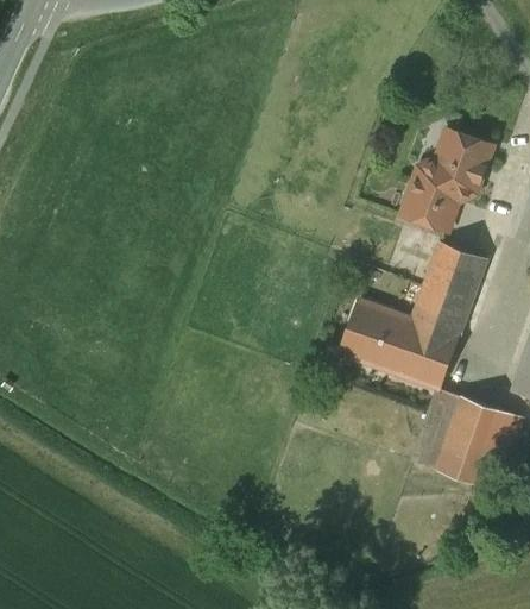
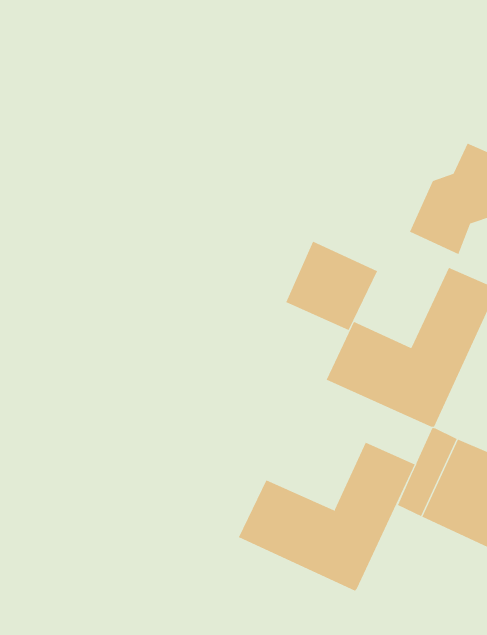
building: none -> [285,241,378,331]
building: none -> [238,442,415,591]

